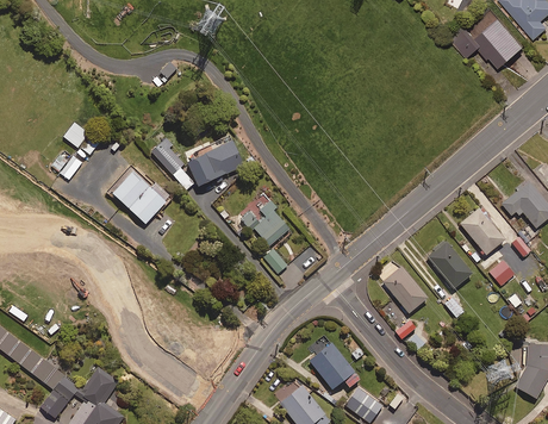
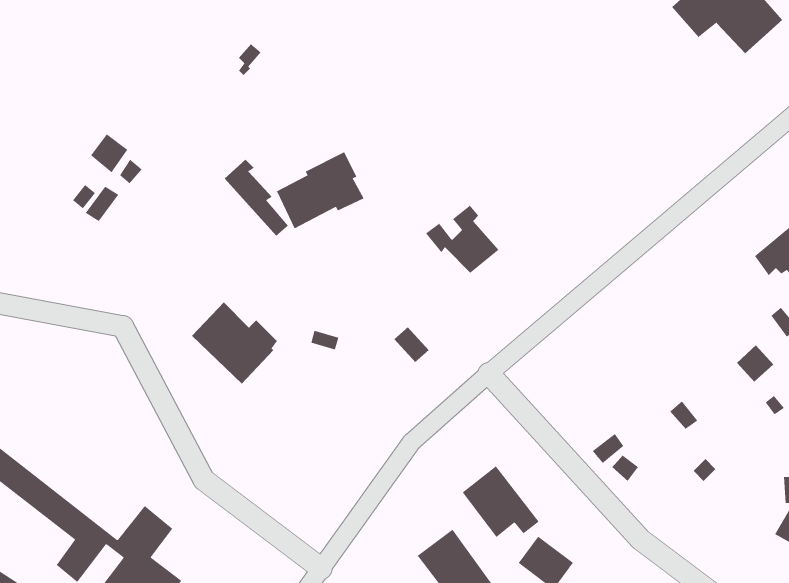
building: [112,168,169,223] -> [191,302,278,385]
building: [242,199,291,244] -> [425,205,499,273]
building: [460,206,505,254] -> none
building: [426,241,472,288] -> none
building: [384,266,428,312] -> none

